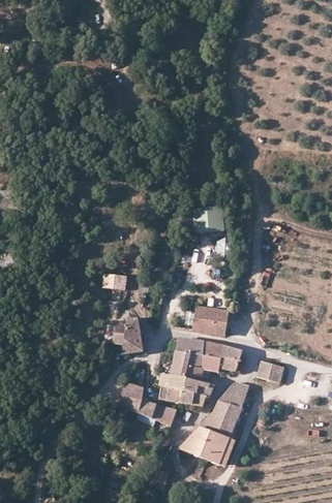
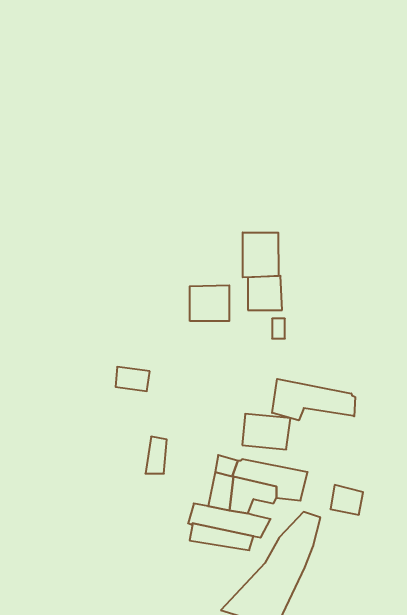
building: none -> [243,232,278,277]
building: none -> [190,285,229,321]
building: none -> [272,379,355,420]
building: [116,384,186,428] -> none

